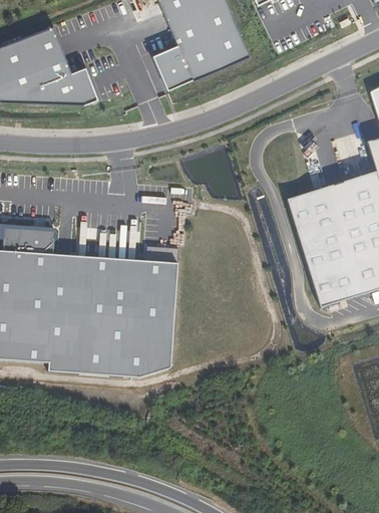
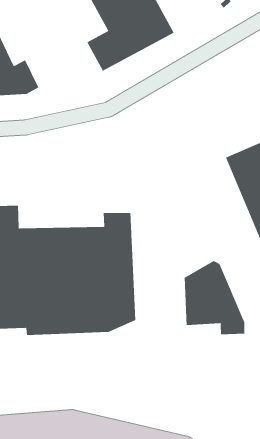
building: none -> [184,260,245,335]

